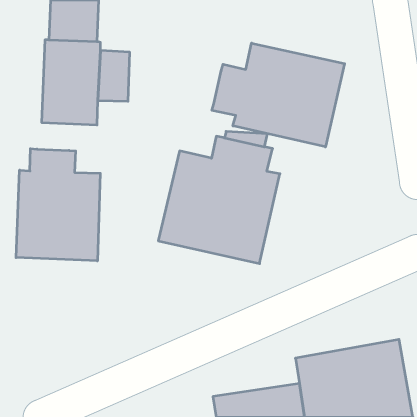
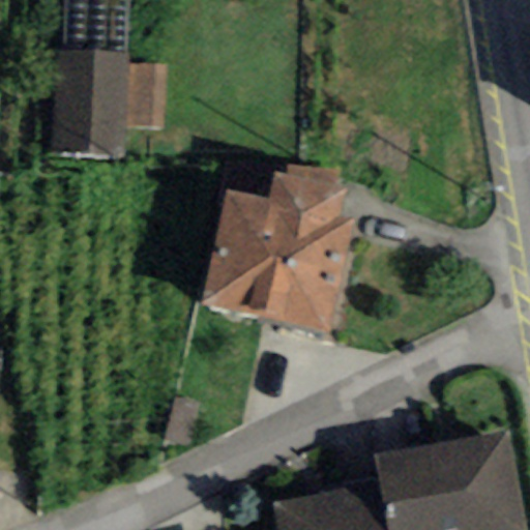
building: [212,43,345,147] -> none
building: [16,149,100,261] -> none

